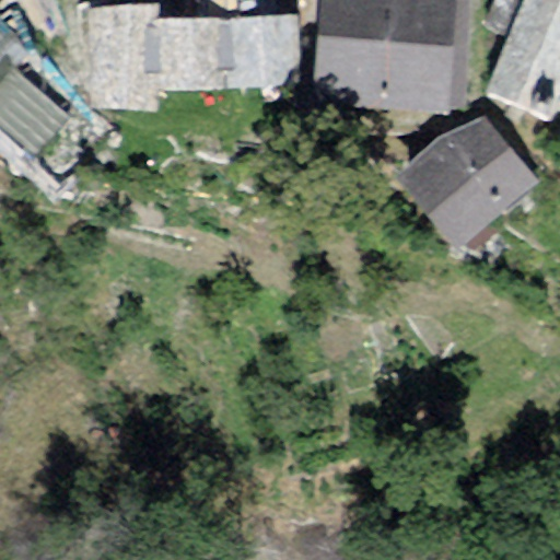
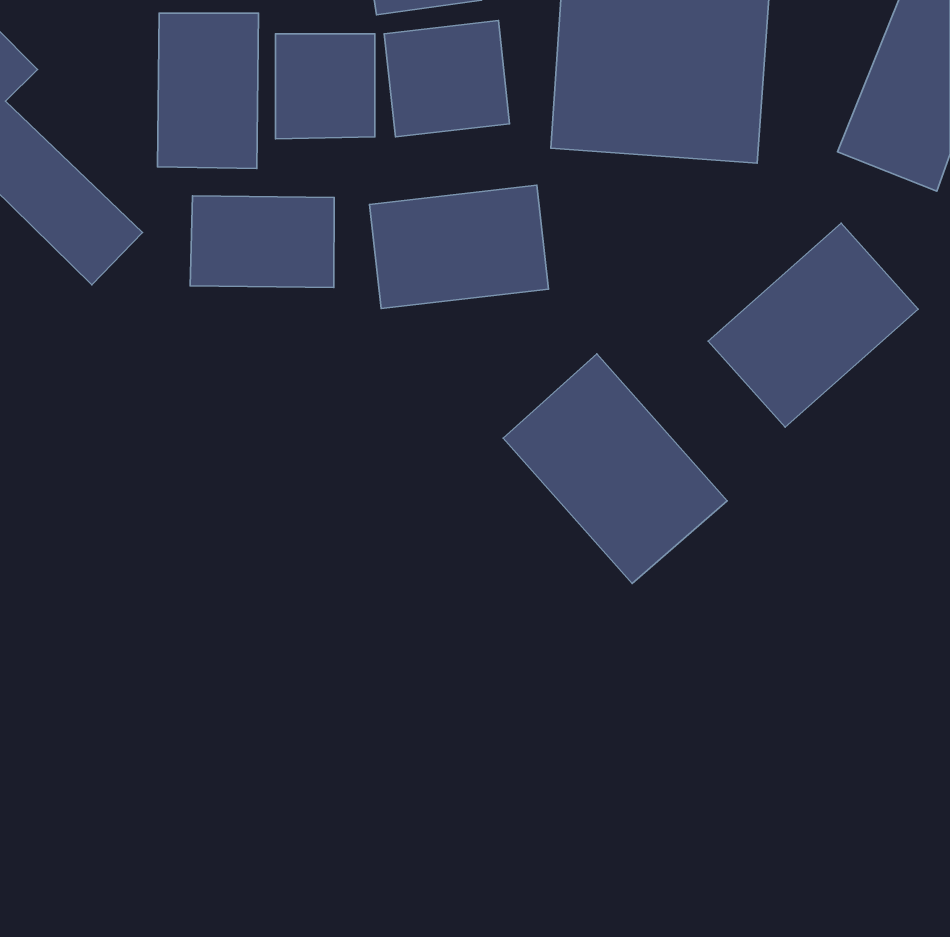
building: none -> [370,185,549,308]
building: none -> [190,196,334,288]
building: none -> [503,354,727,583]

